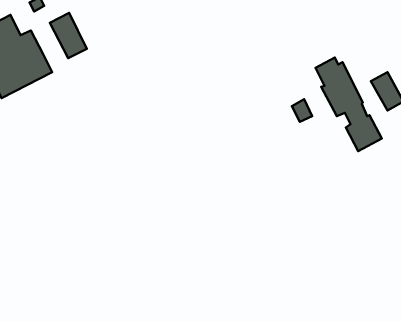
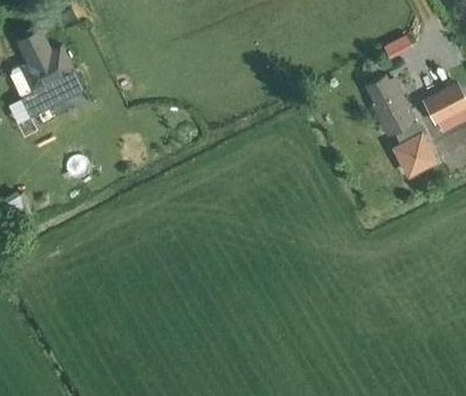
building: [50,13,87,58] -> none

